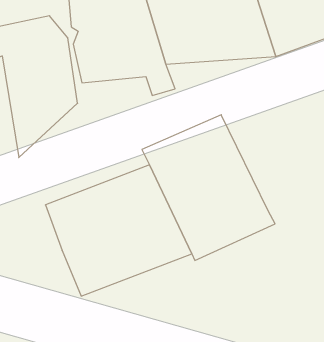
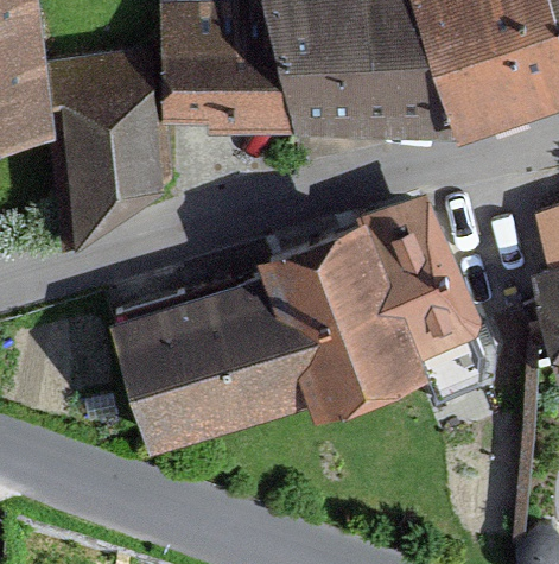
building: none -> [366,190,487,353]

